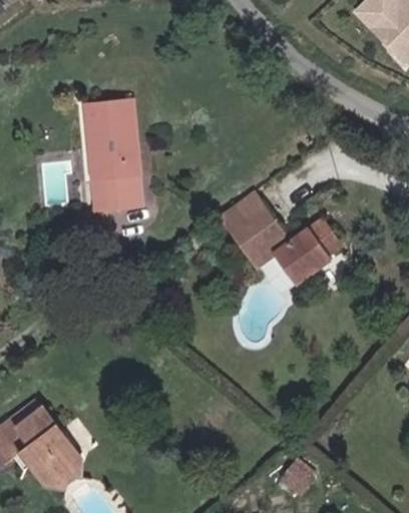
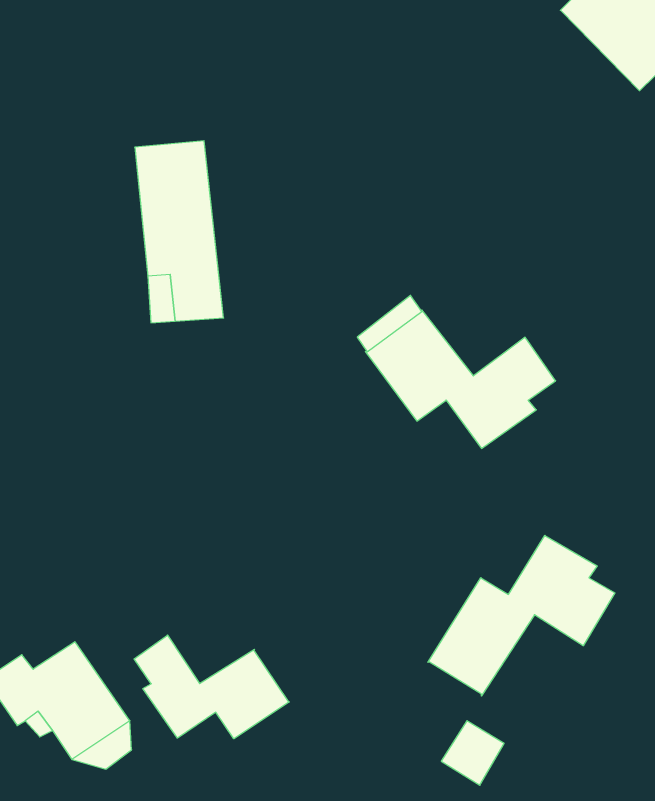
building: none -> [428,535,615,696]
building: none -> [134,635,289,739]

